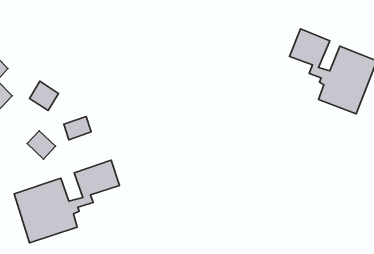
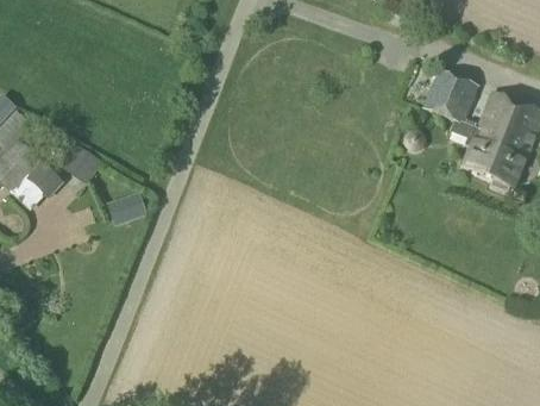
building: [27,131,56,159] -> [27,158,67,198]
building: [14,160,120,243] -> none

